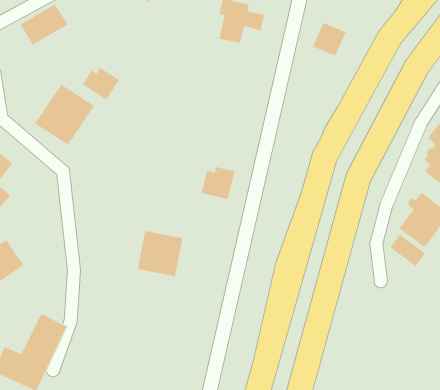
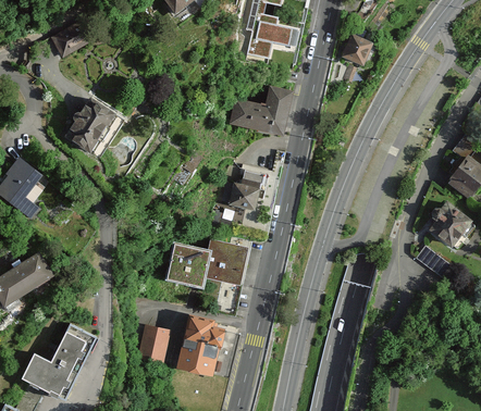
building: [82,67,120,101] -> none
building: none -> [230,86,294,133]
building: none -> [206,238,249,284]
building: none -> [177,314,225,375]
building: none -> [137,323,170,365]

